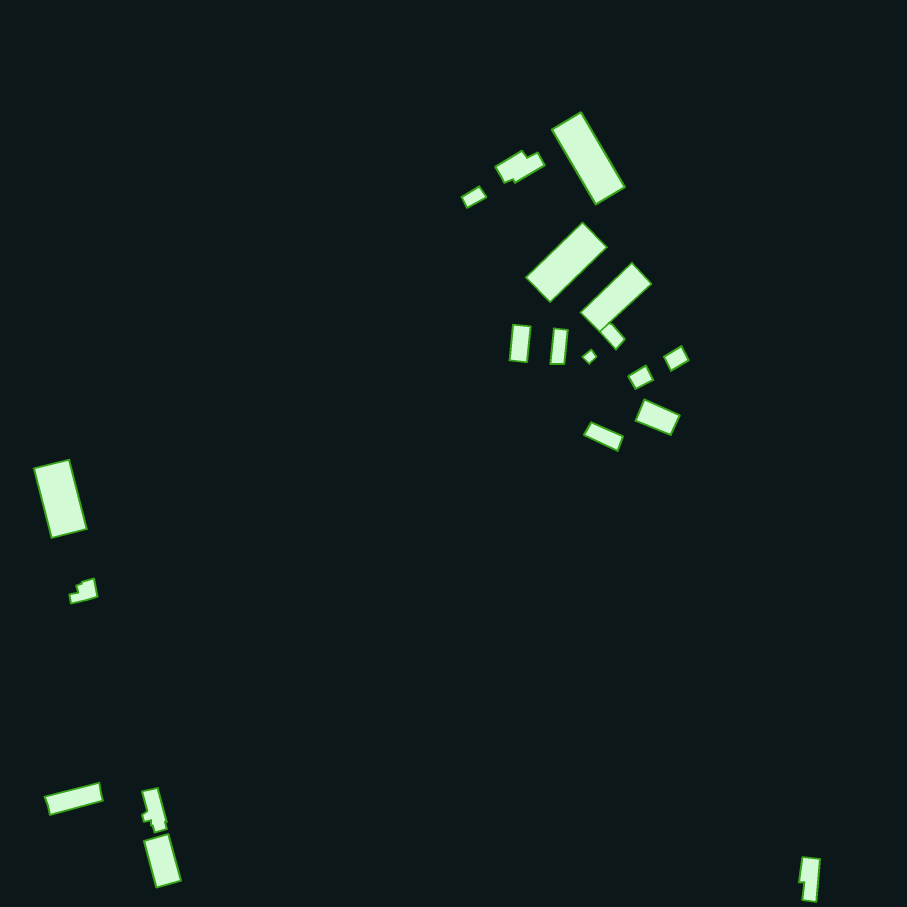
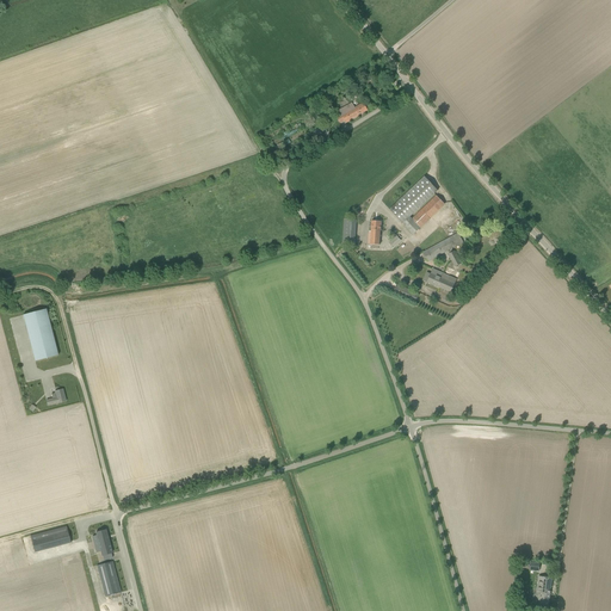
building: [552,112,625,205] -> none
building: [526,223,607,302] -> none

